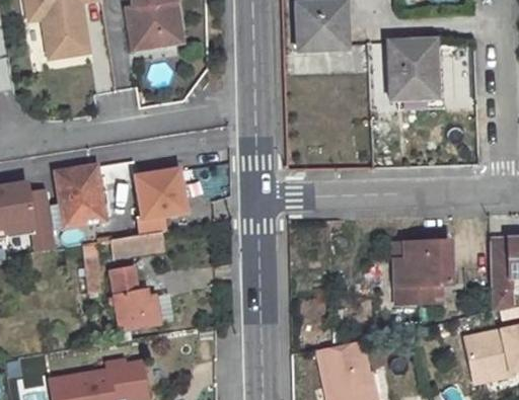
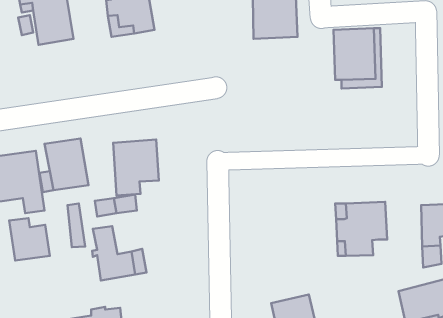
building: none -> [9,218,50,260]

